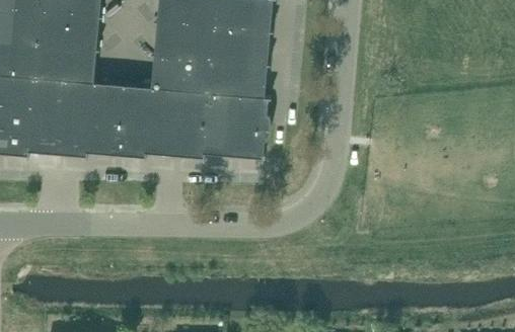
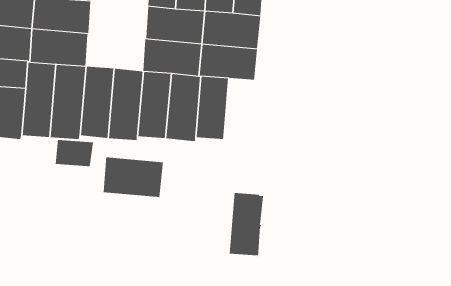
building: [233,94,269,159] -> [229,192,264,257]
building: none -> [55,139,94,167]
building: none -> [103,157,163,198]

